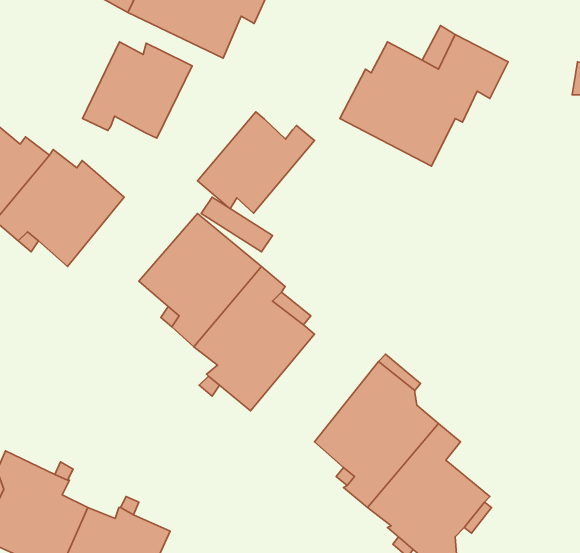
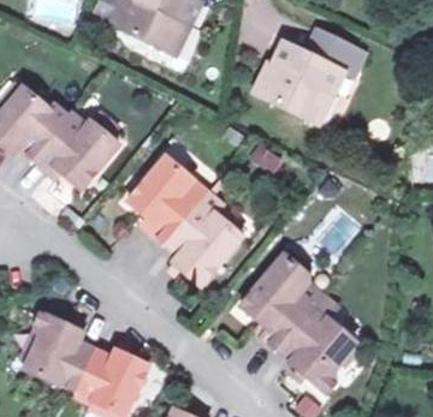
building: [83,42,192,138] -> none
building: [197,112,315,213] -> none

